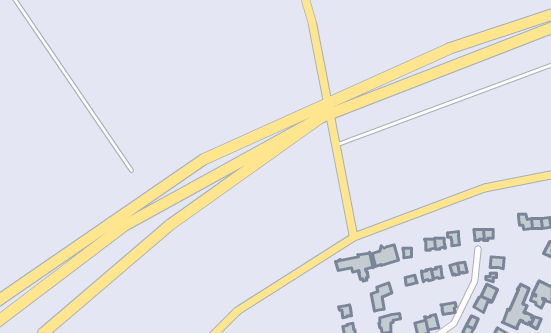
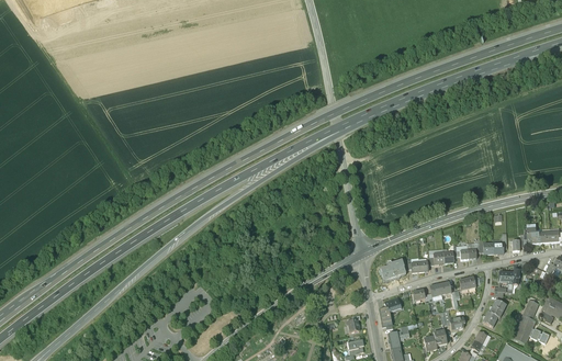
building: [336,252,373,281] -> none

